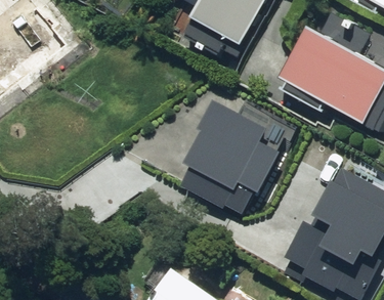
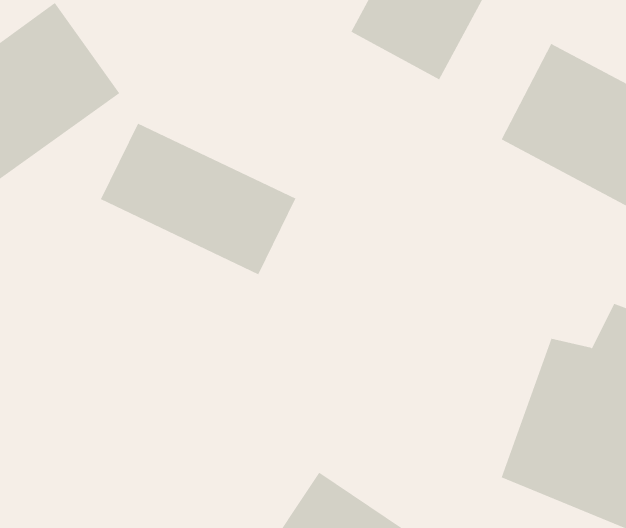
building: none -> [100,123,296,275]
building: [177,98,275,213] -> none

